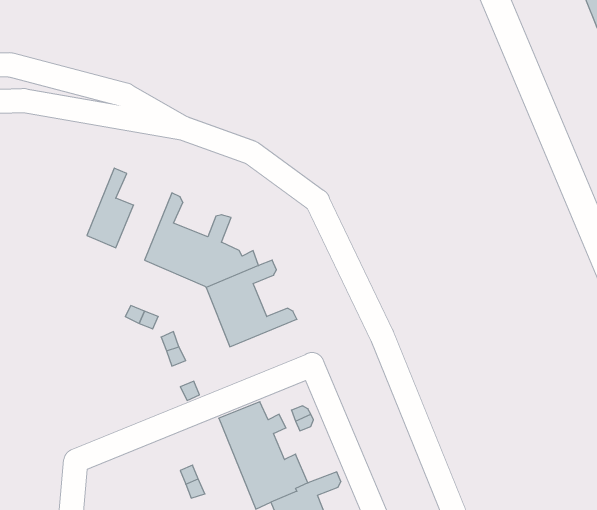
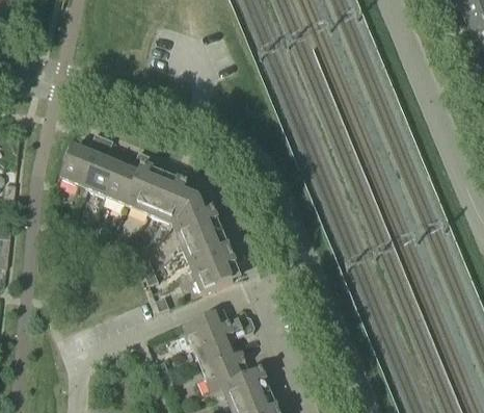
building: none -> [61,131,105,185]
building: none -> [106,149,149,204]
building: none -> [192,249,245,292]

